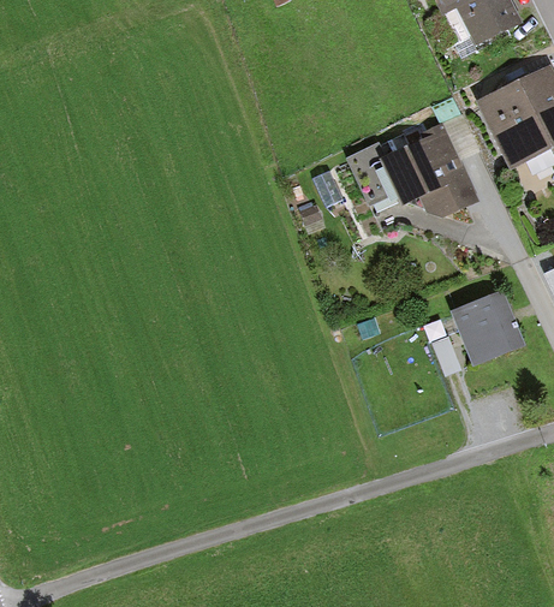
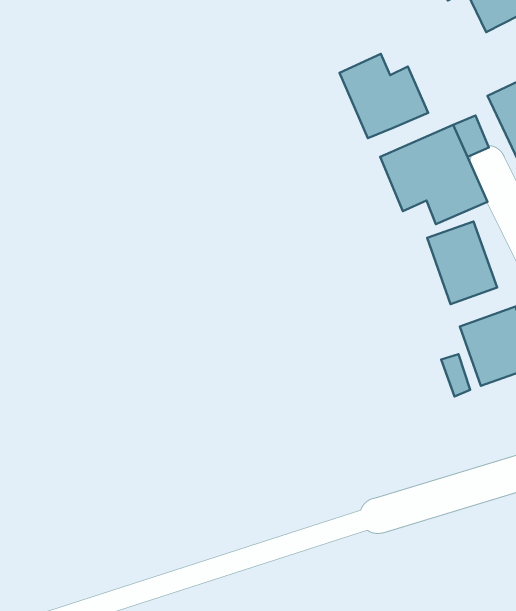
building: none -> [339,54,428,138]
building: none -> [427,221,497,304]

